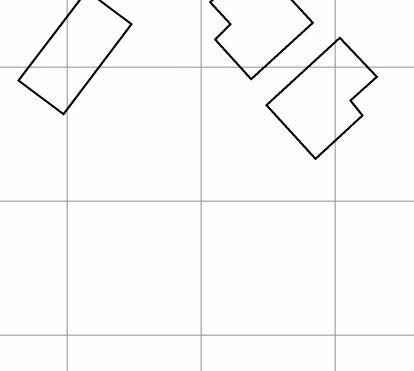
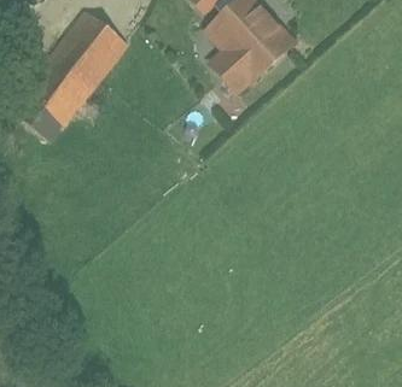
building: [266,38,377,159] -> none

